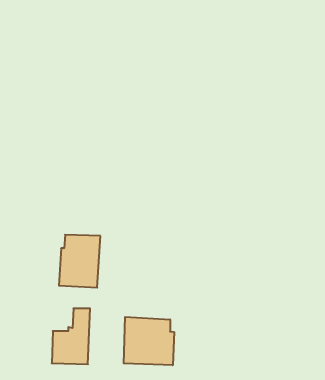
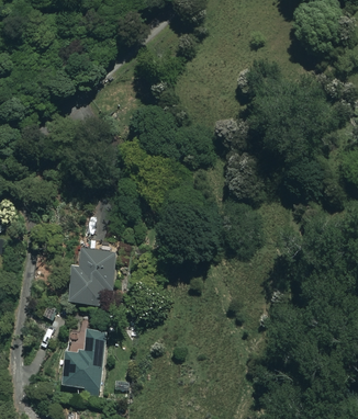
building: [124,317,174,365] -> none

